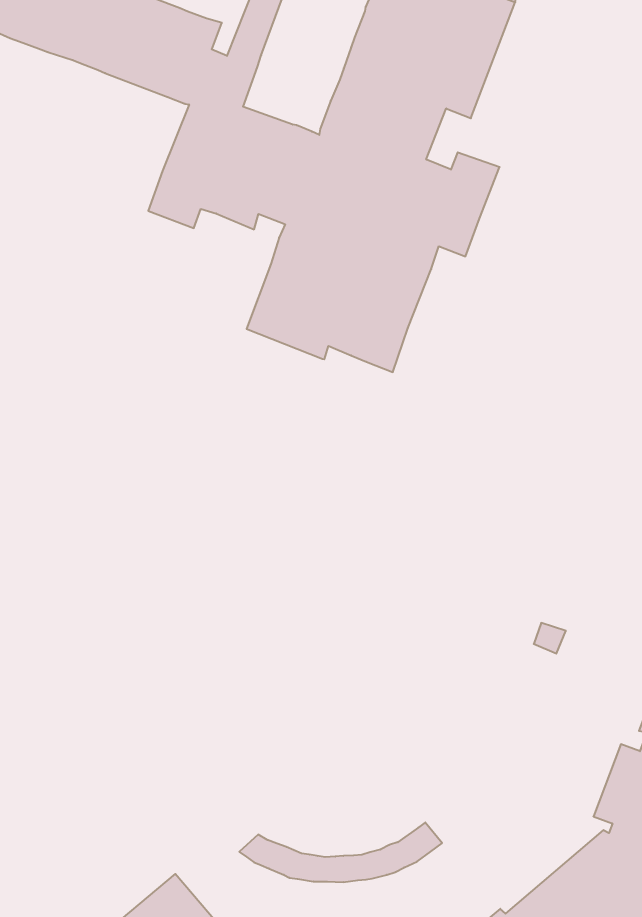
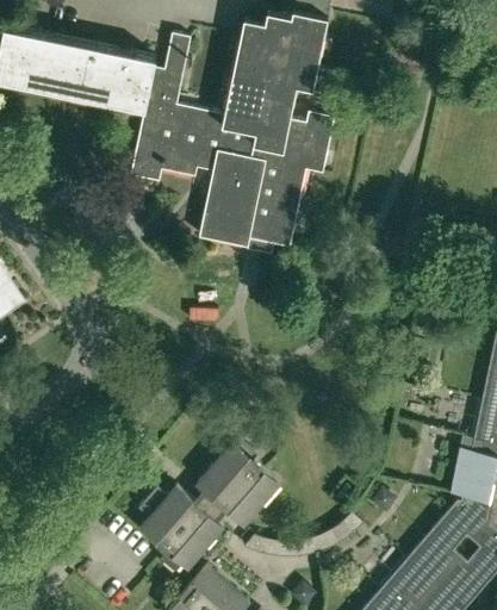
building: none -> [197,435,280,528]
building: none -> [138,487,224,571]

